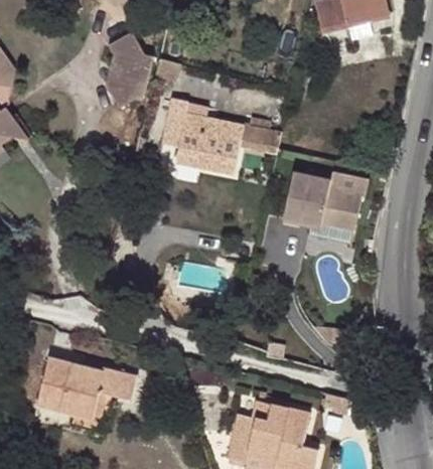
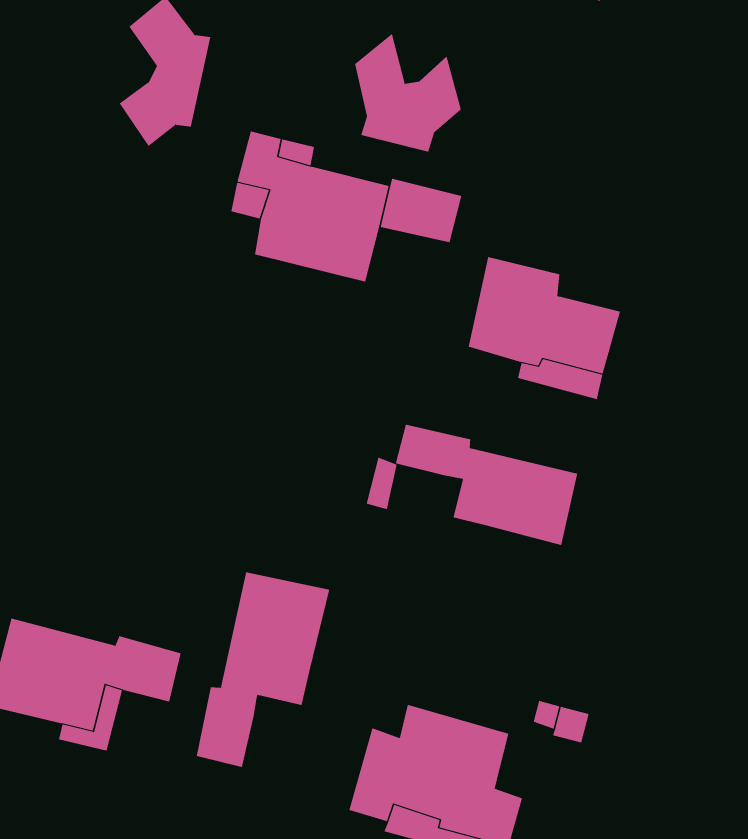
building: none -> [354,33,461,153]
building: none -> [395,424,578,546]
building: none -> [196,572,330,768]

